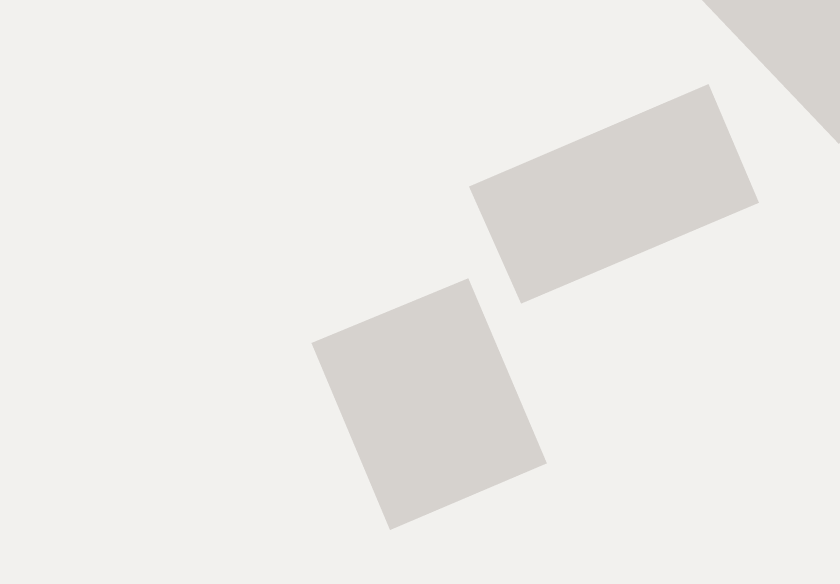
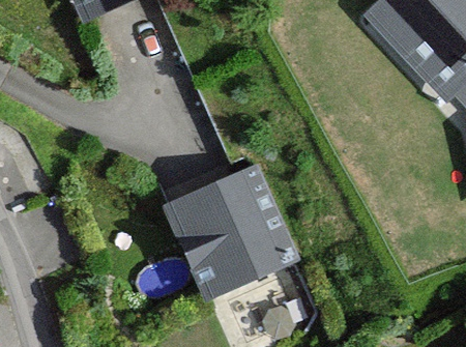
building: [468,83,760,305] -> none

